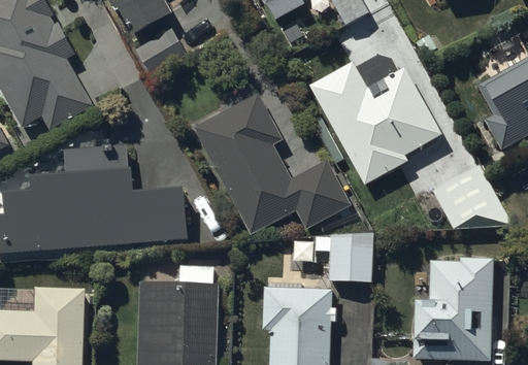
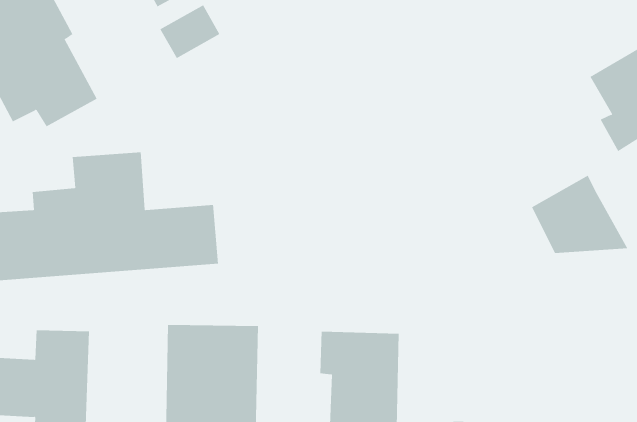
building: [318,54,433,177] -> none
building: [199,100,348,230] -> none
building: [331,232,375,280] -> none
building: [418,259,492,357] -> none

